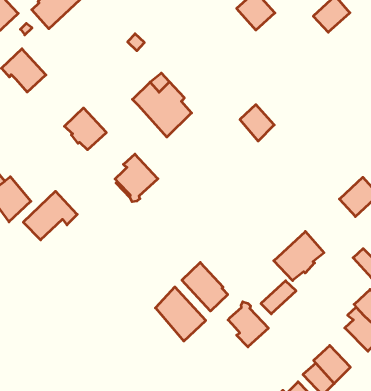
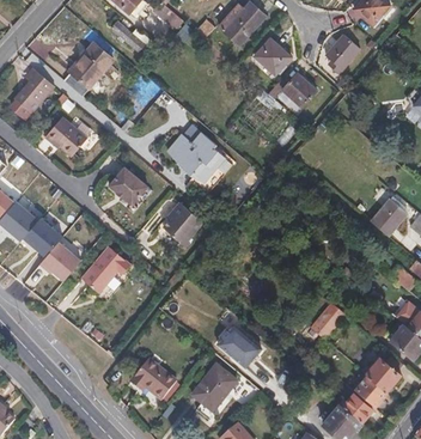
building: [240,105,274,141] -> [282,73,315,106]
building: [274,231,324,281] -> none
building: [182,262,228,311] -> none
building: [228,302,268,347] -> none
building: none -> [130,360,175,400]
building: none -> [191,364,236,410]

